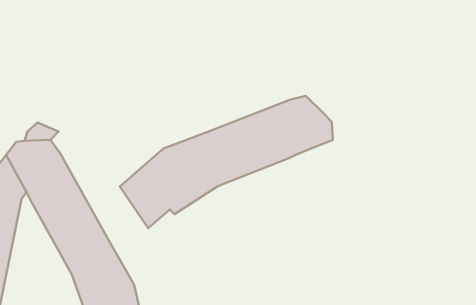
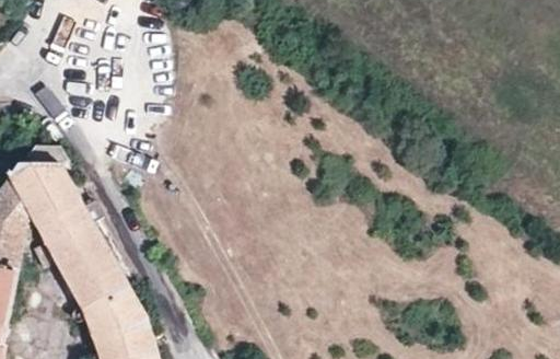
building: [120,96,333,228] -> none

